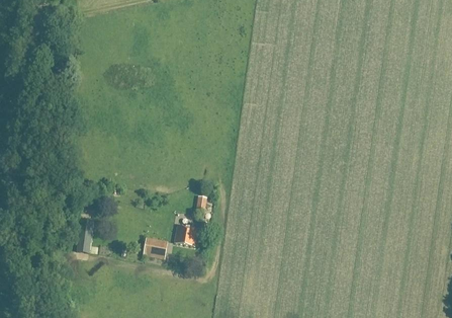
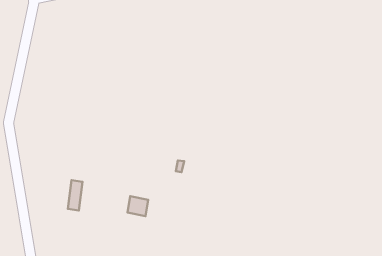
building: [175,224,198,245] -> none

